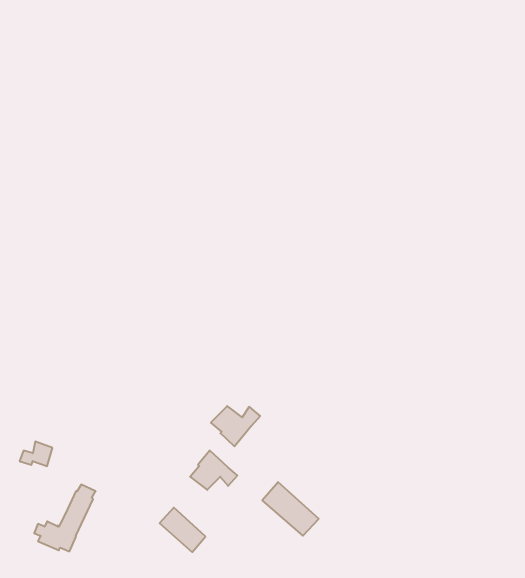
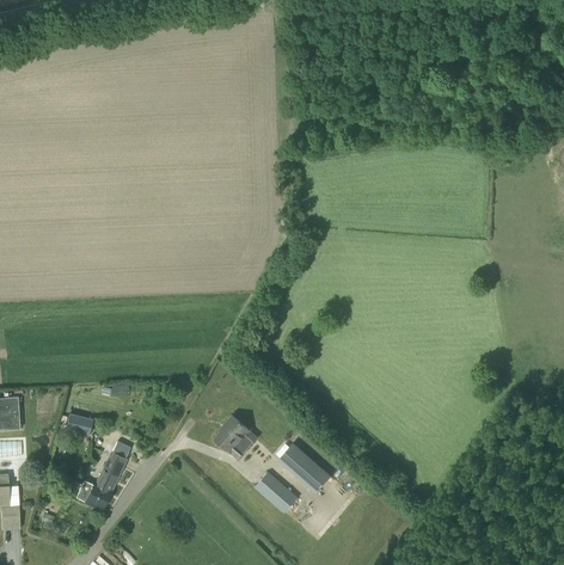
building: [211,406,260,446] -> none
building: [160,508,205,552] -> [255,472,296,512]

